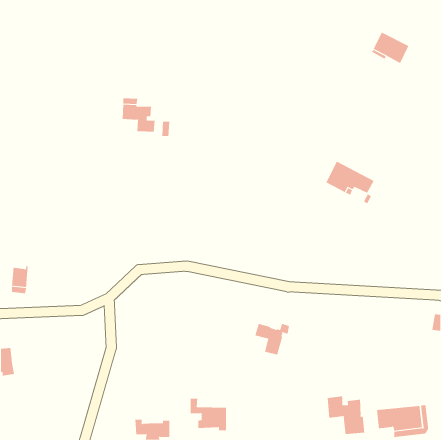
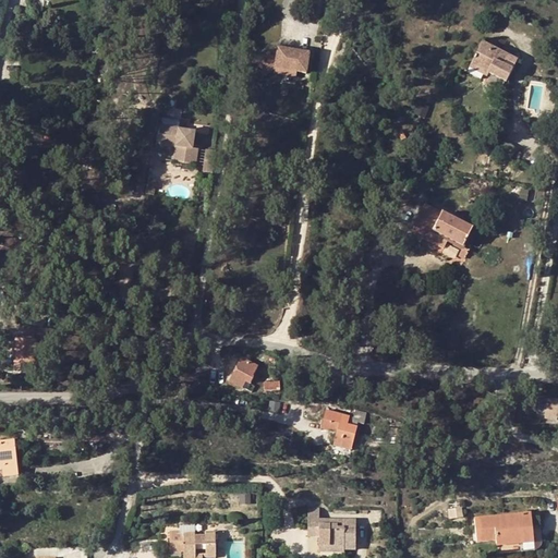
building: none -> [251,50,310,78]
building: none -> [229,356,256,386]
building: [327,396,365,435] -> none
building: [190,398,227,431] -> [308,506,355,547]

